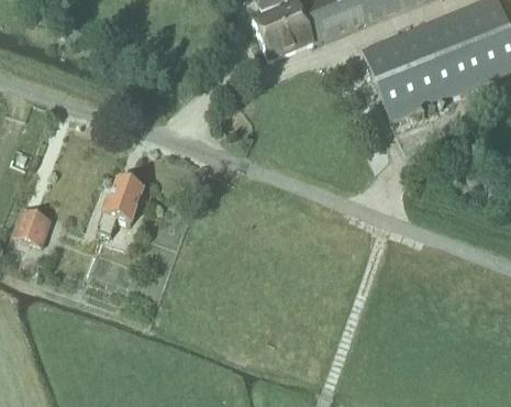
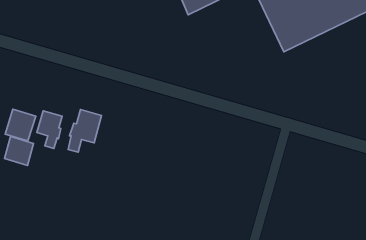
building: none -> [5,109,36,141]
building: none -> [37,111,62,149]

